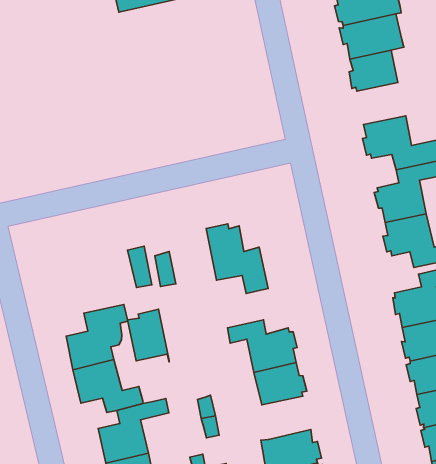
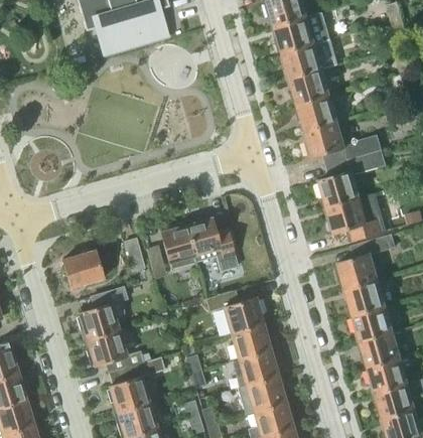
building: none -> [295,96,337,131]
building: none -> [62,251,103,288]
building: [128,309,169,362] -> [160,222,195,264]
building: none -> [238,349,278,386]

